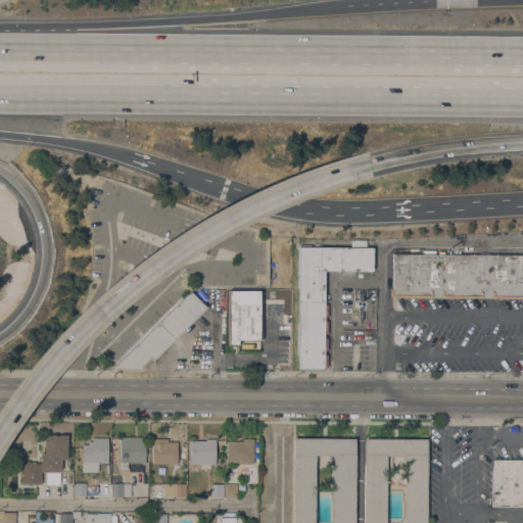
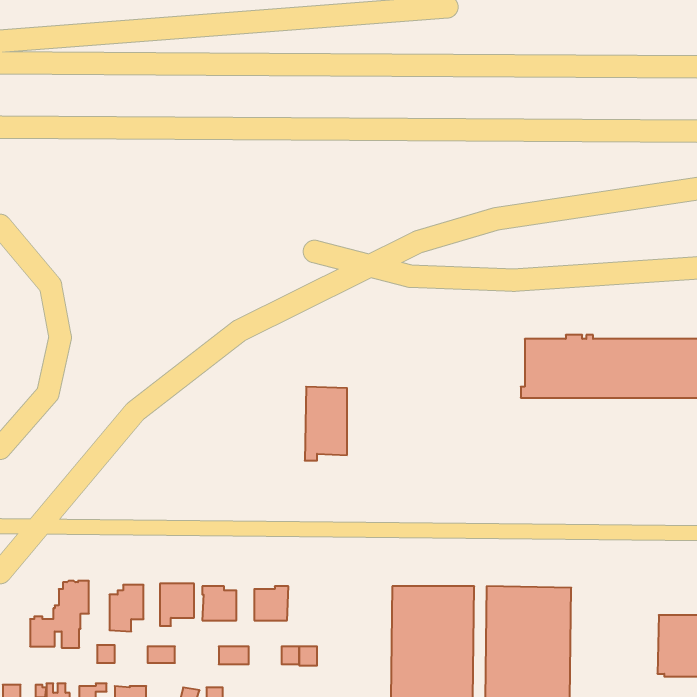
building: [297,240,374,370] -> none
building: [114,293,206,370] -> none
building: [227,439,254,465] -> none

